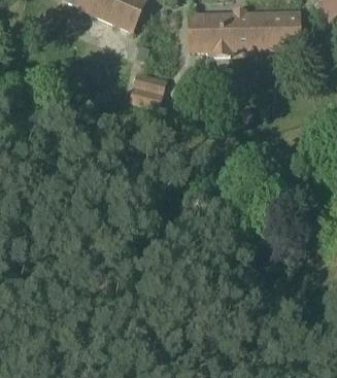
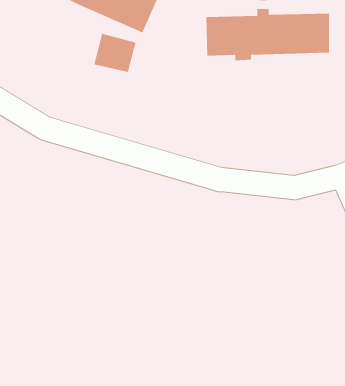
building: [129,72,167,107] -> [94,33,136,73]

